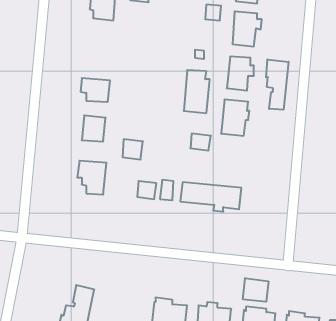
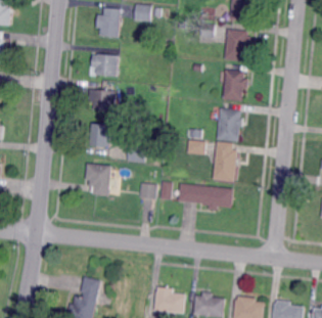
building: none -> [95,53,118,76]
building: [266,59,289,110] -> none
building: [184,70,210,113] -> [213,141,236,180]
building: [243,278,268,302] -> none

